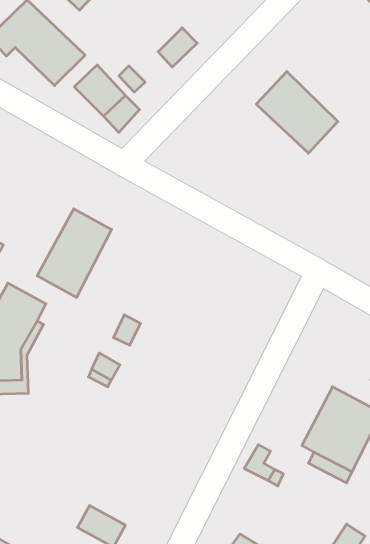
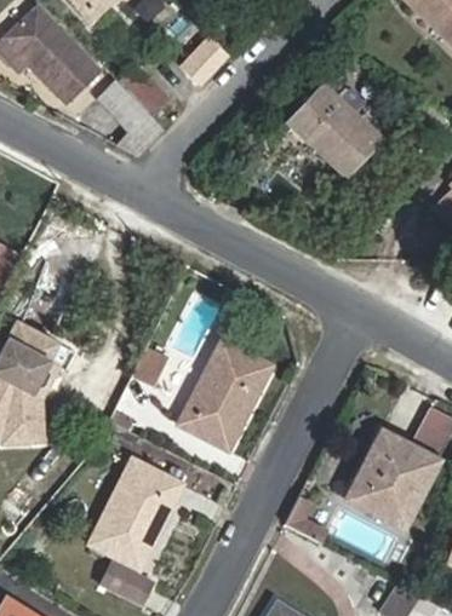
building: [37,209,112,297] -> none
building: none -> [176,346,268,456]
building: none -> [86,466,177,575]

